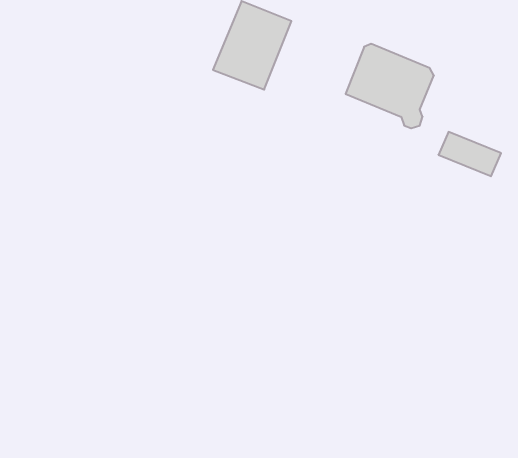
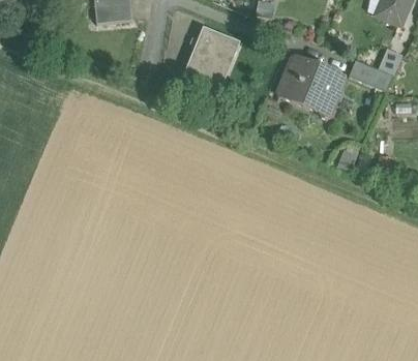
building: [438,132,501,176] -> [348,58,393,90]

